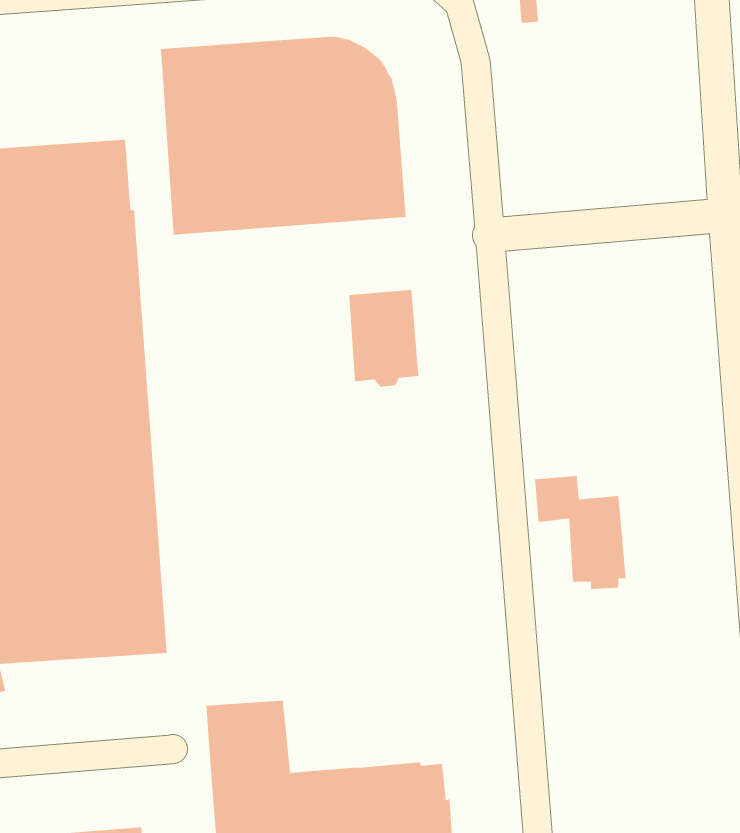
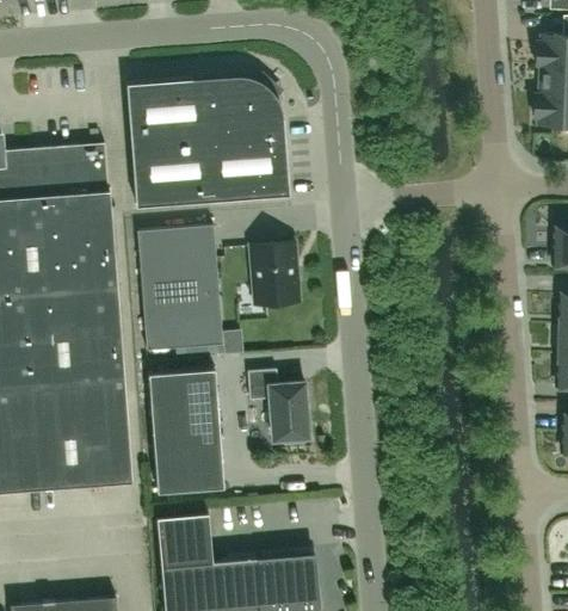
building: none -> [136,226,222,351]
building: [534,476,626,590] -> [247,370,308,445]
building: none -> [148,370,223,493]

